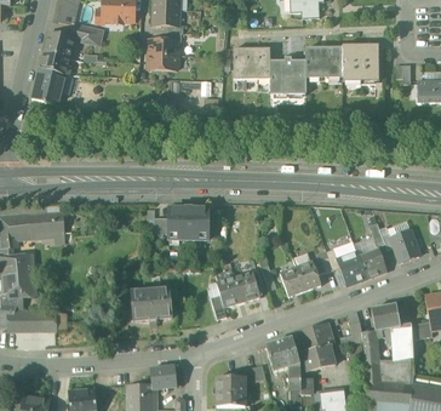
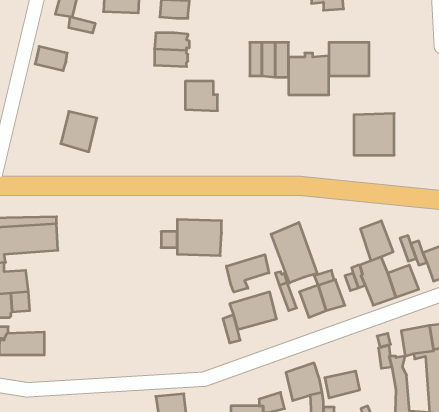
building: [44,32,74,57] -> none
building: [342,44,378,81] -> [354,113,394,155]
building: [33,67,65,103] -> [61,111,97,152]
building: none -> [361,221,393,261]
building: none -> [271,222,317,283]
building: none -> [226,255,269,292]
building: [130,287,172,320] -> none
building: [298,321,333,350] -> none

